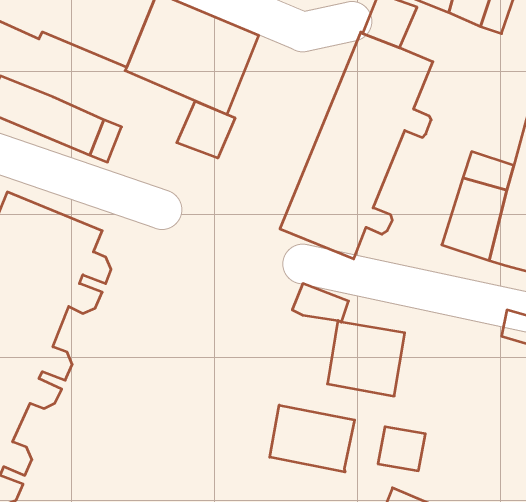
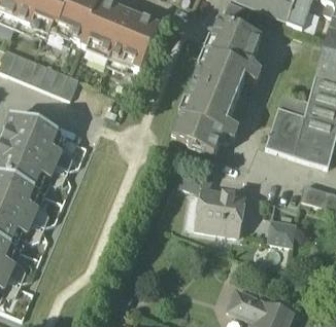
building: [177,101,235,158] -> none
building: [270,405,355,472] -> none
building: [378,427,425,471] -> [269,217,297,243]

